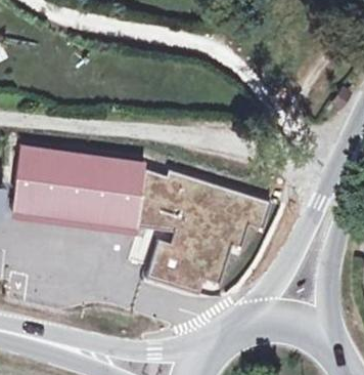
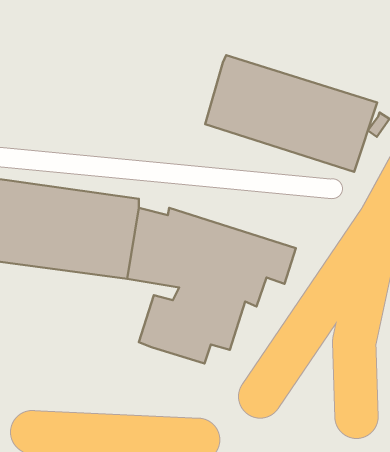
building: none -> [205,55,377,172]

